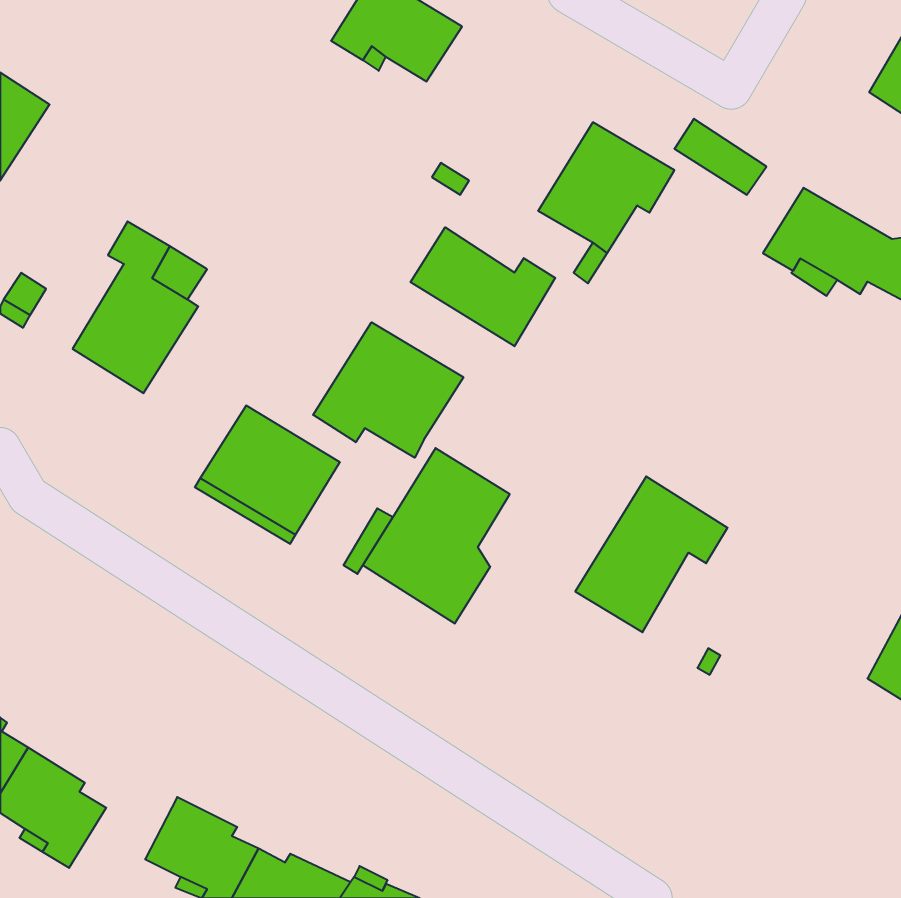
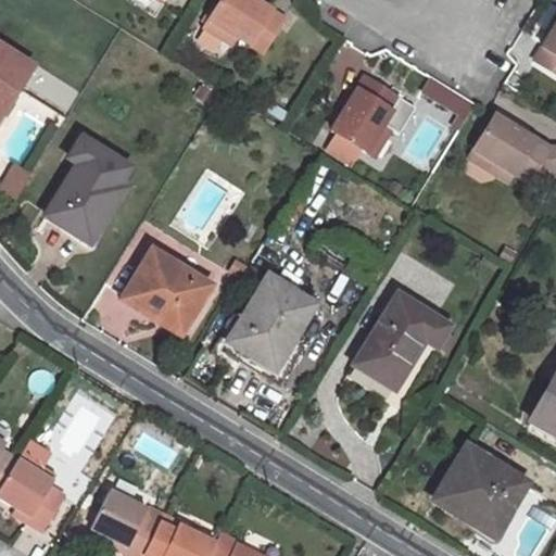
building: [411,227,555,346] -> none
building: [313,322,463,458] -> none
building: none -> [434,445,526,534]

